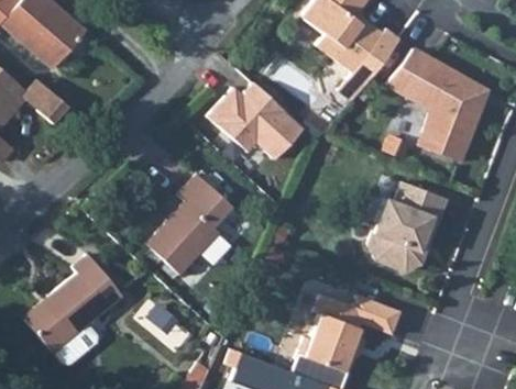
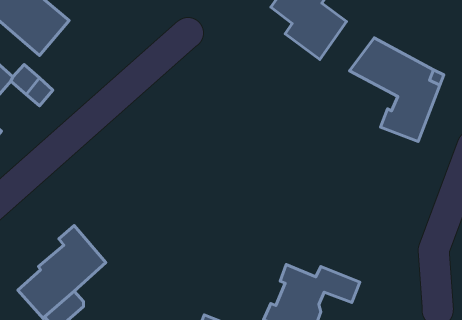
building: [211,81,307,162] -> none
building: [147,175,233,271] -> none
building: [370,184,448,273] -> none

